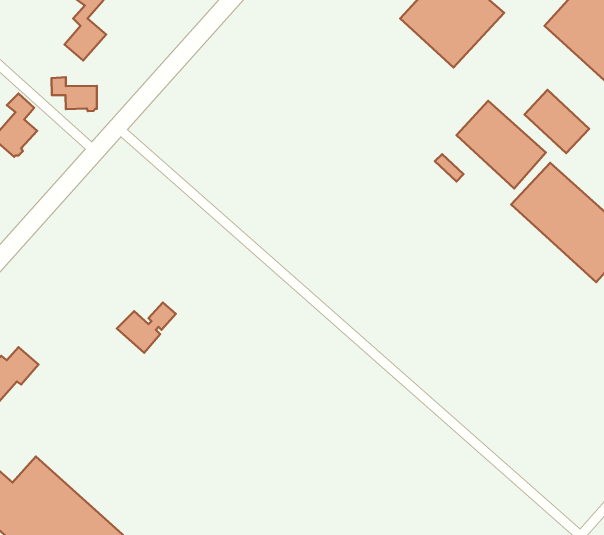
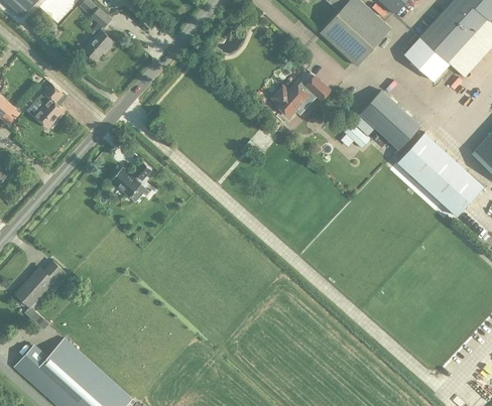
building: [51,77,97,111] -> none
building: none -> [269,76,331,118]
building: [524,90,589,153] -> [403,37,449,82]
building: [117,302,176,353] -> [110,163,151,198]

